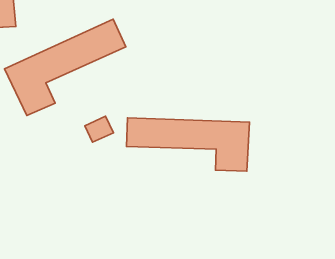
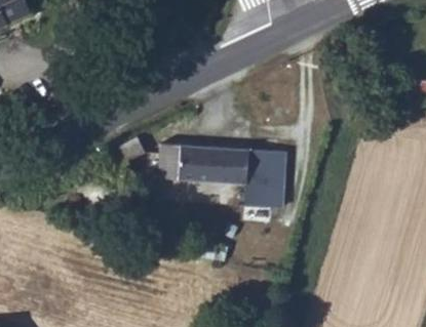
building: [5,19,126,116] -> none

